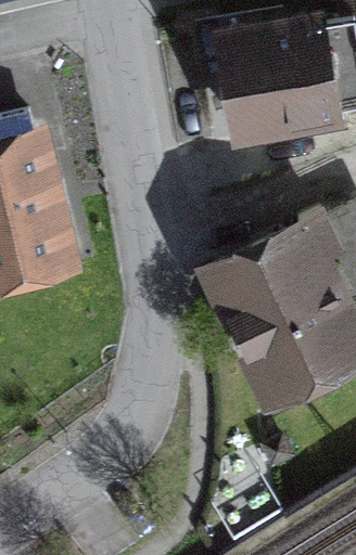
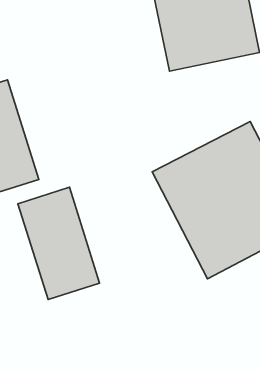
building: none -> [18,187,100,299]

